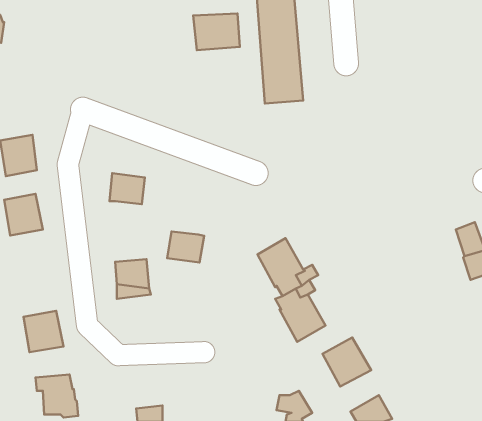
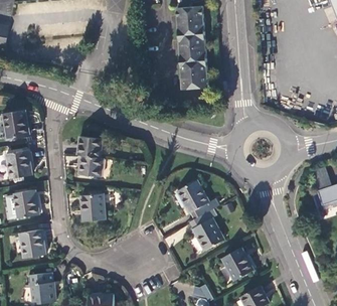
building: [193,13,240,50] -> none
building: [167,231,204,263] -> [77,155,103,176]
building: none -> [12,190,38,218]

